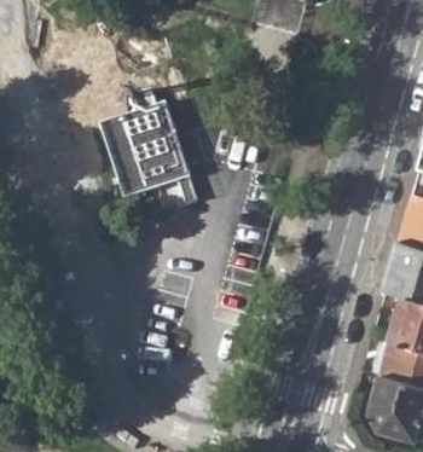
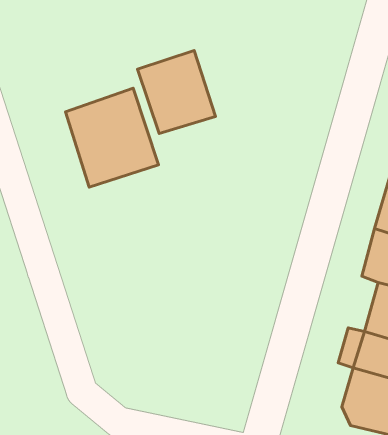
building: none -> [137,51,216,134]

